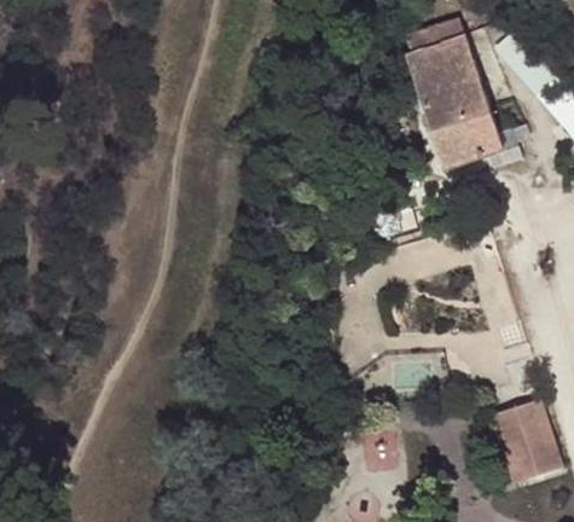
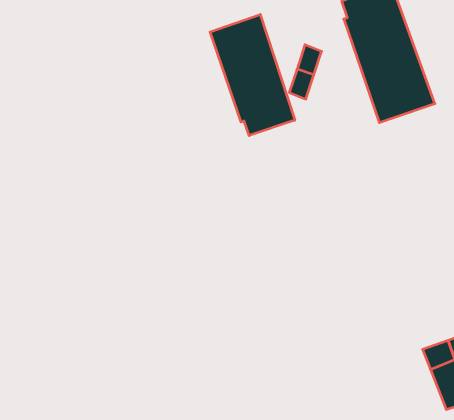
building: none -> [210,14,295,136]

